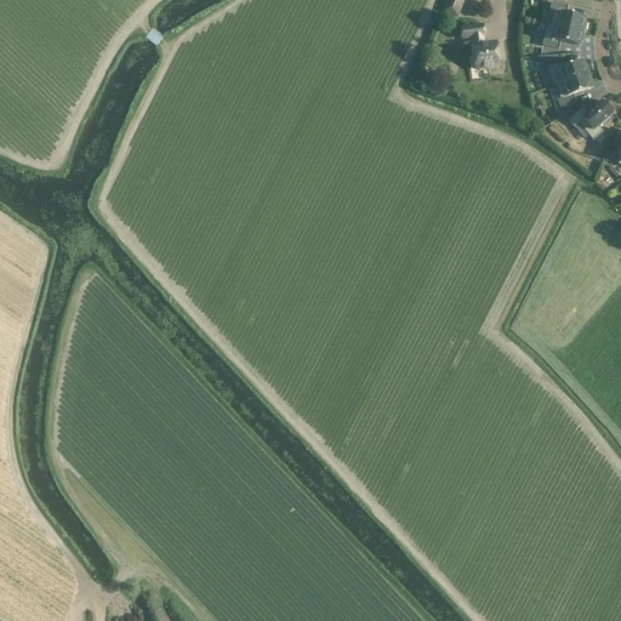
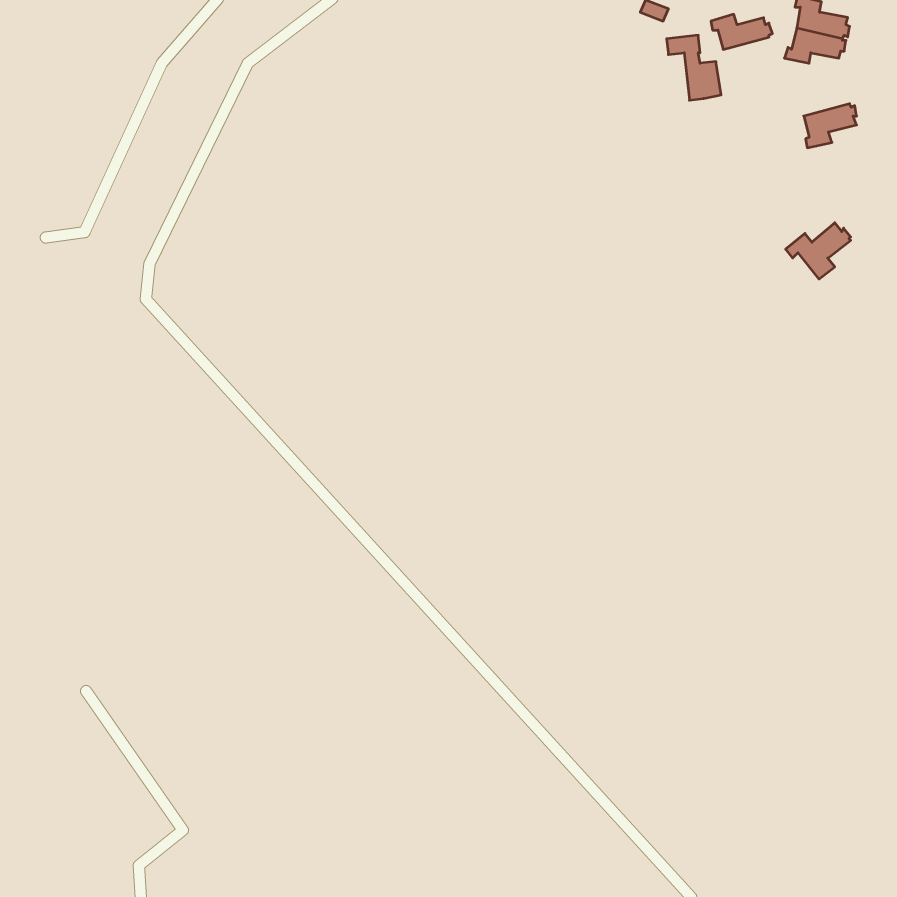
building: [546,56,588,80] -> [711,14,772,49]
building: [565,99,610,138] -> [786,223,851,279]

